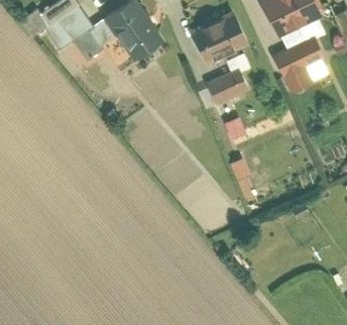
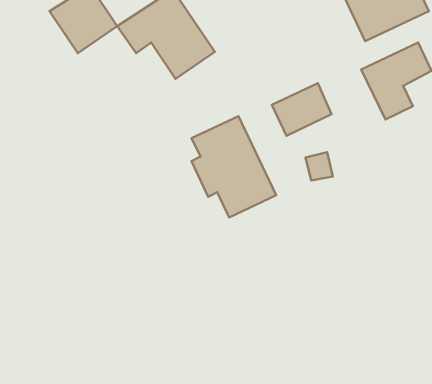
building: [192,11,246,60] -> none
building: none -> [191,116,276,217]

